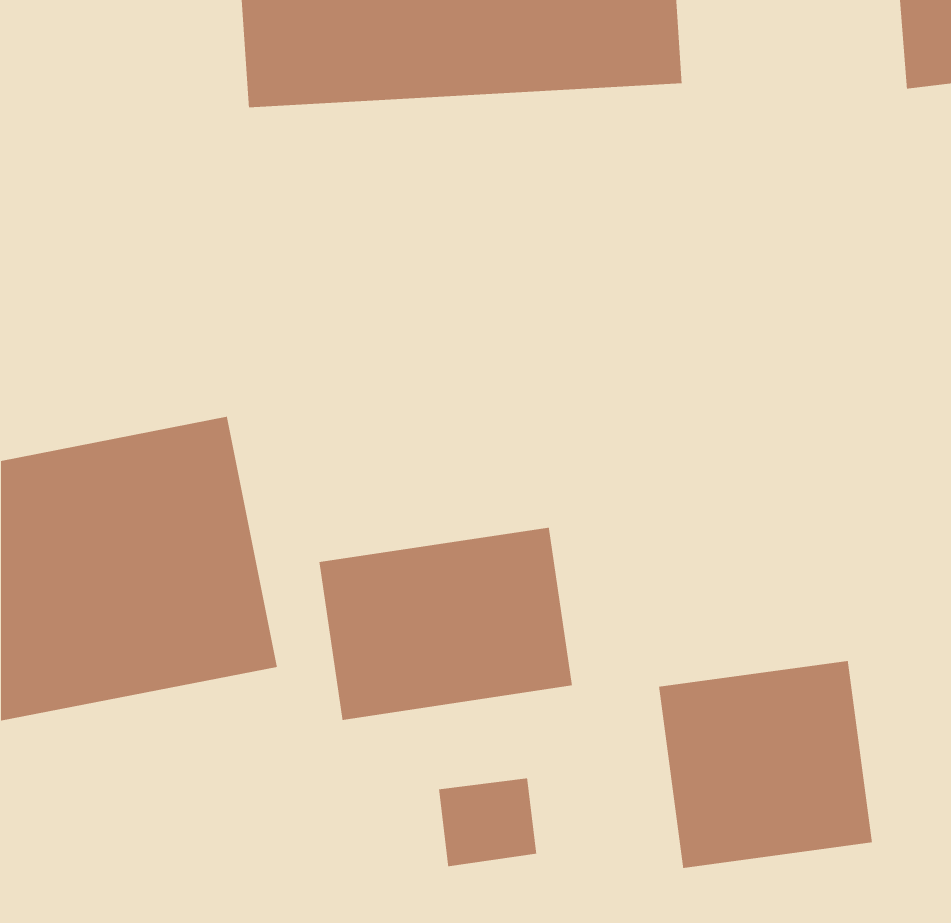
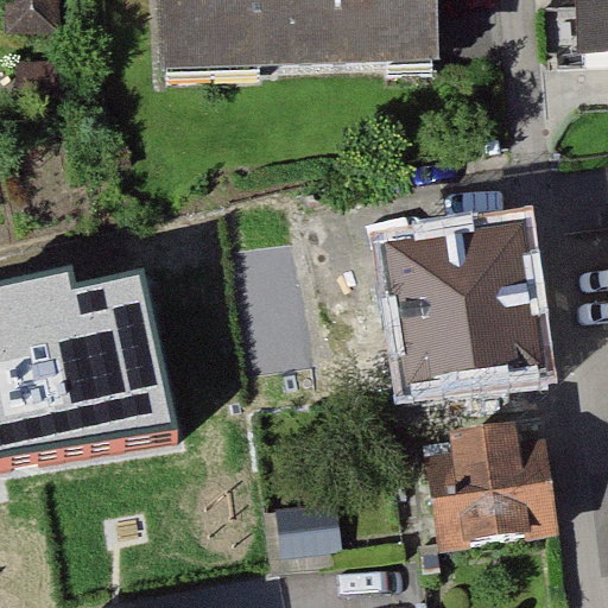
building: none -> [382,224,539,387]
building: [318,527,573,721] -> none

